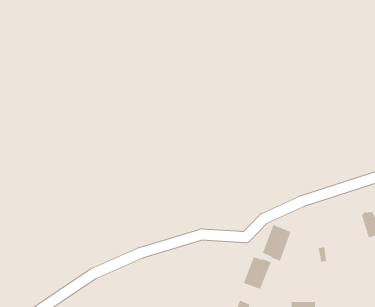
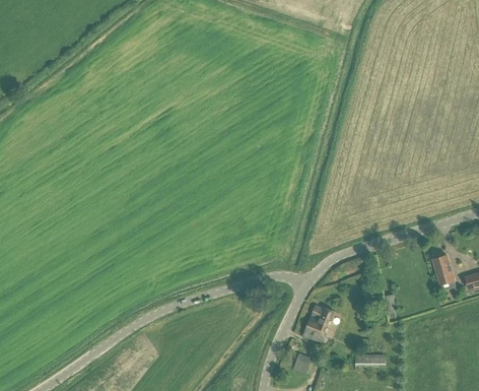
building: [262,224,291,262] -> none

